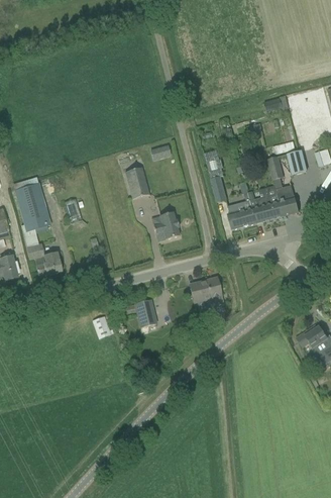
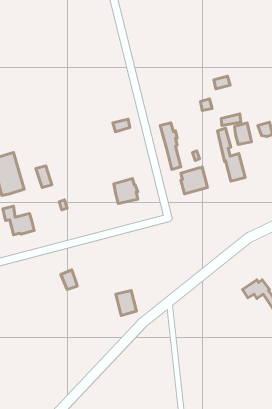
building: [124,168,148,198] -> none
building: [251,185,284,222] -> none
building: [189,277,222,305] -> none
building: [133,299,156,327] -> [116,291,136,316]

